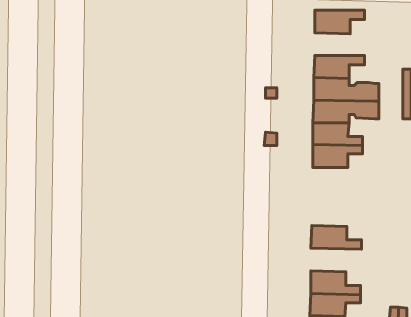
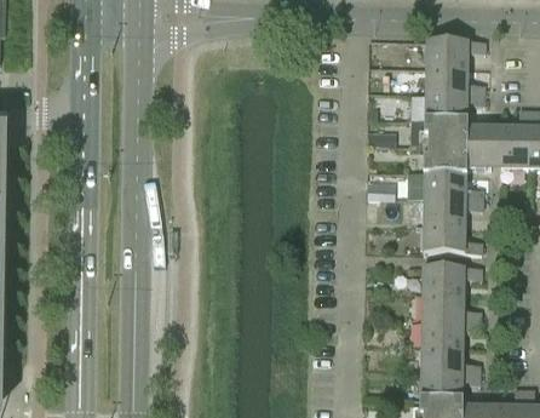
building: none -> [426,65,484,92]
building: none -> [501,108,529,166]
building: none -> [423,223,482,251]
building: none -> [423,264,481,292]
building: none -> [421,317,481,345]

